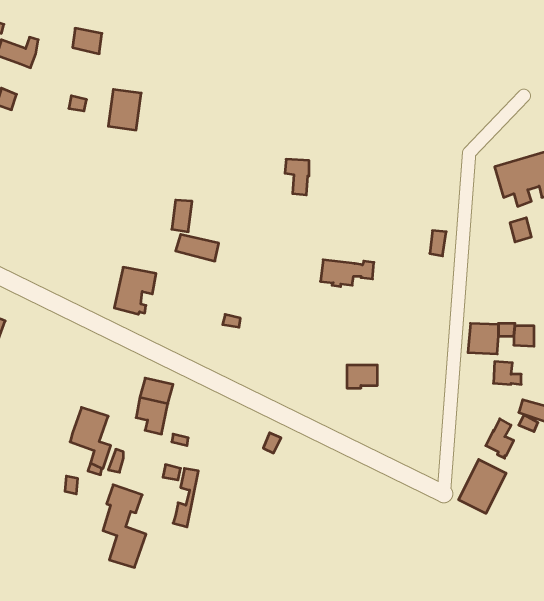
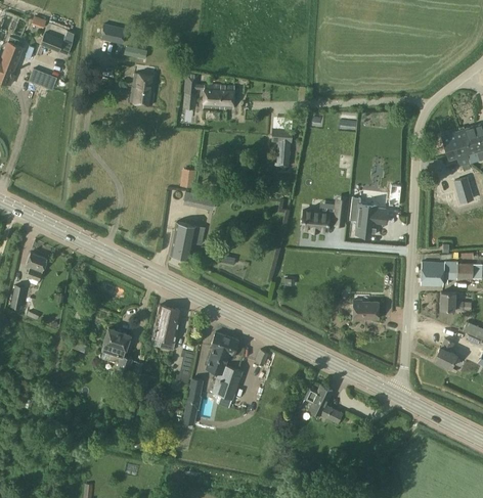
building: none -> [184,74,233,108]
building: none -> [349,196,386,235]
building: [114,267,156,314] -> [170,222,204,260]
building: [347,365,377,388] -> [353,302,378,320]
building: [459,459,506,513] -> none
building: none -> [305,384,342,422]
building: [103,485,146,567] -> [207,331,242,398]

